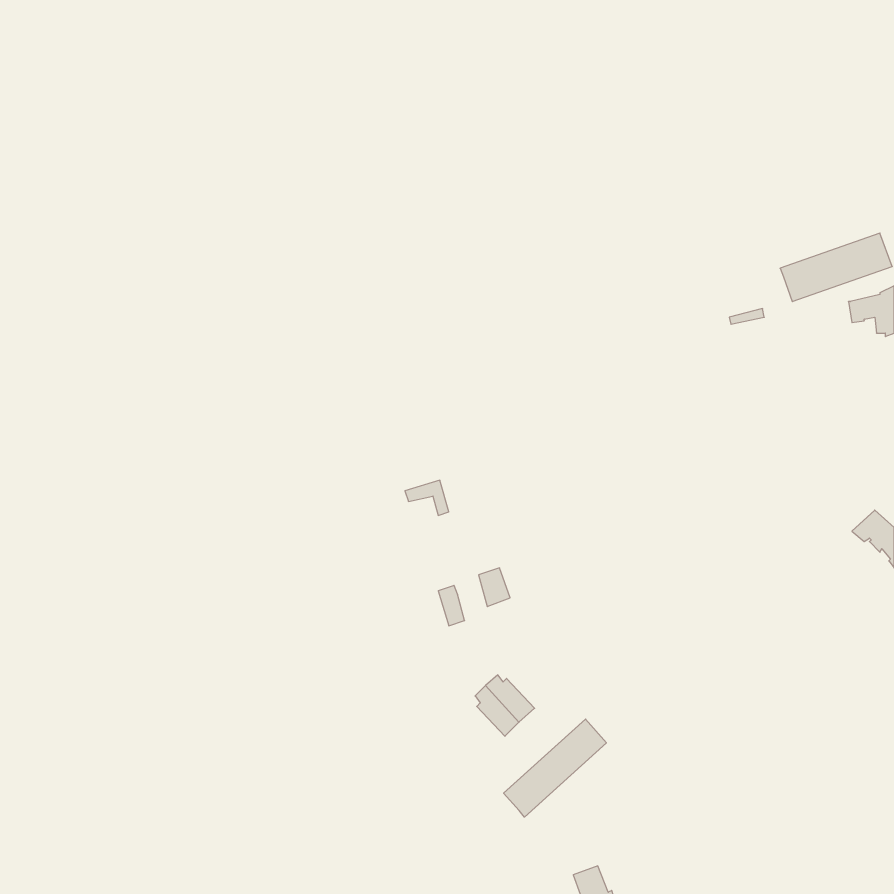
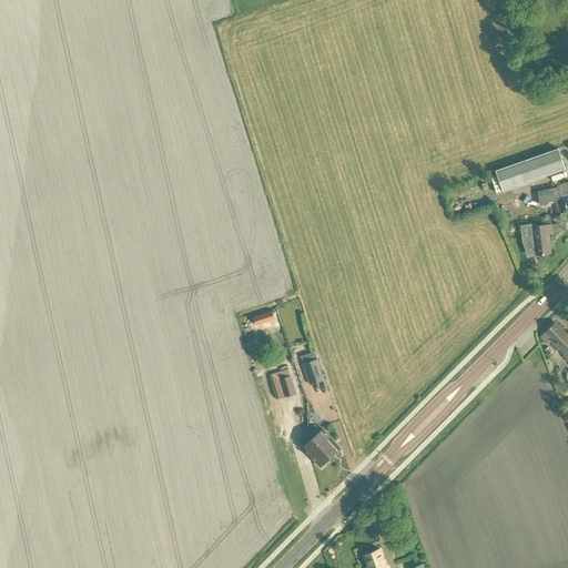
building: none -> [520,225,551,257]
building: [504,719,606,817] -> none

